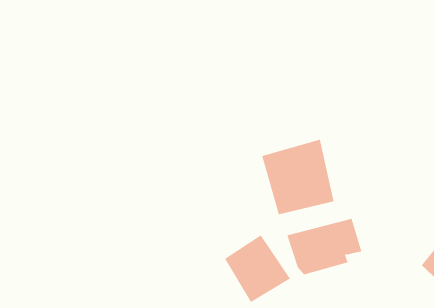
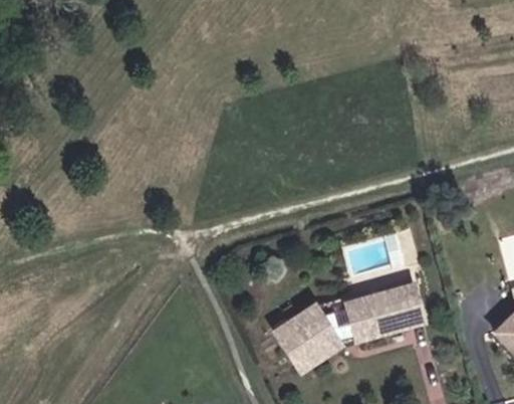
building: [261,139,334,215] -> none

